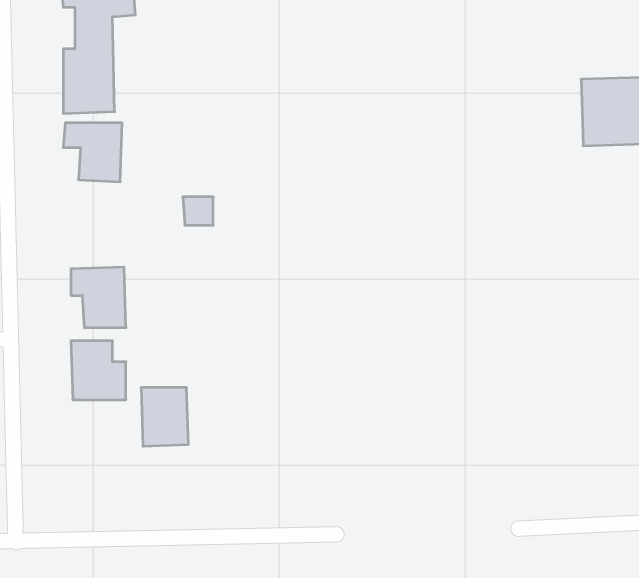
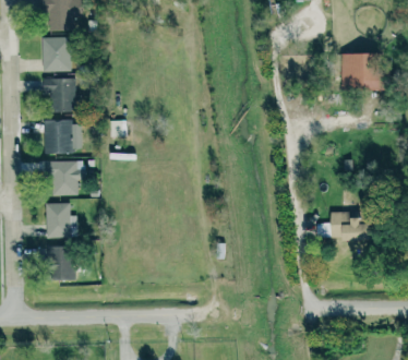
building: none -> [45,120,74,154]
building: none -> [331,215,369,240]
building: [141,388,188,446] -> [48,247,75,280]

